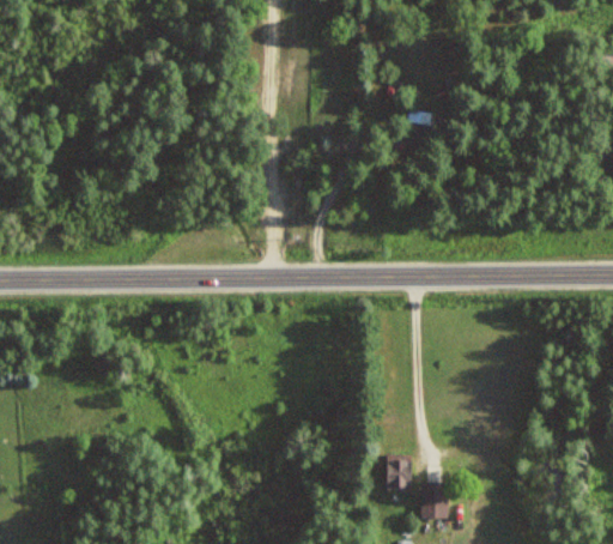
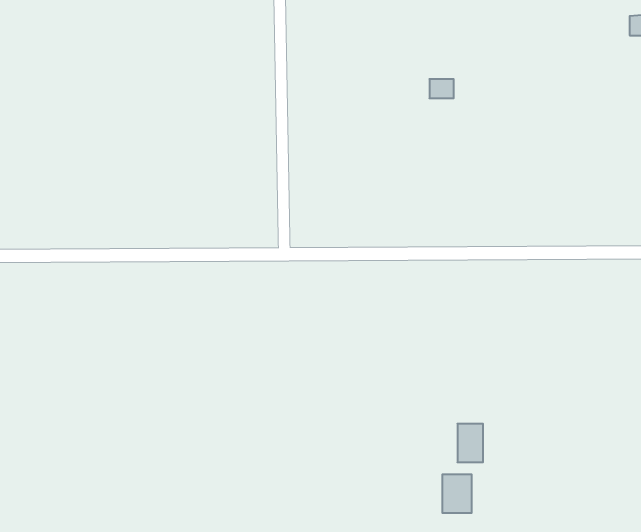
building: [387,457,411,492] -> [457,424,483,462]

